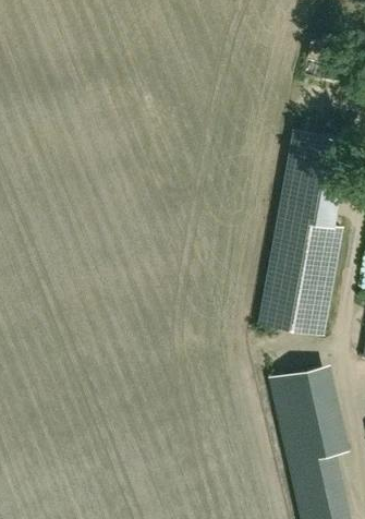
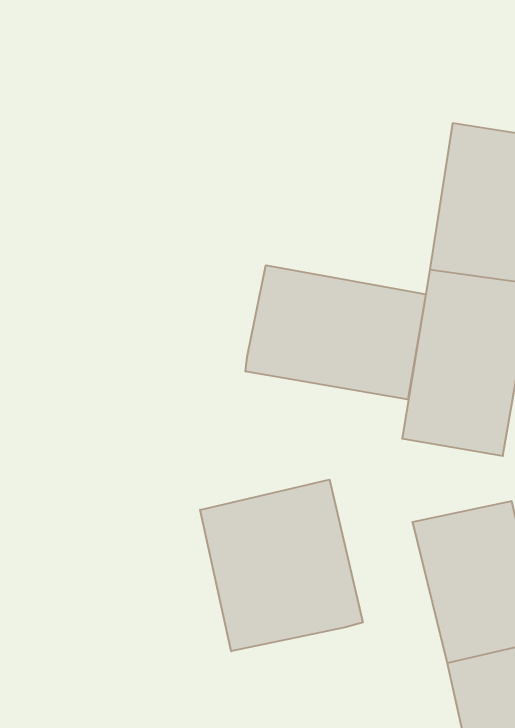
building: none -> [246,265,426,399]
building: none -> [200,480,363,651]

